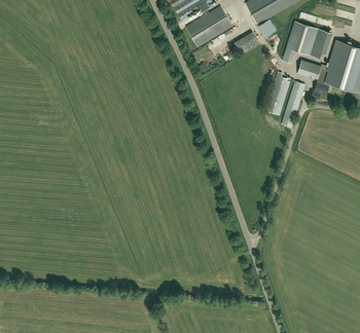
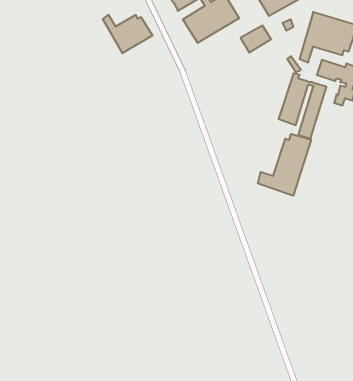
building: none -> [103,15,152,53]
building: none -> [258,134,311,196]

